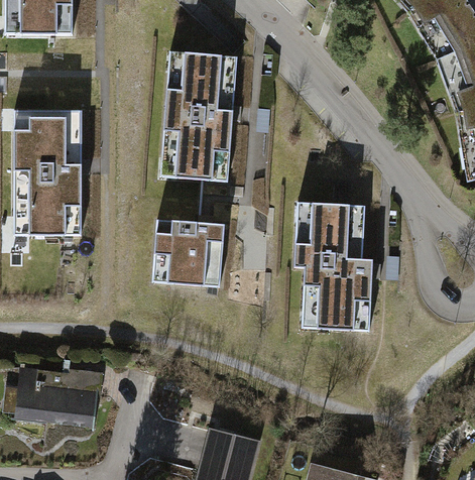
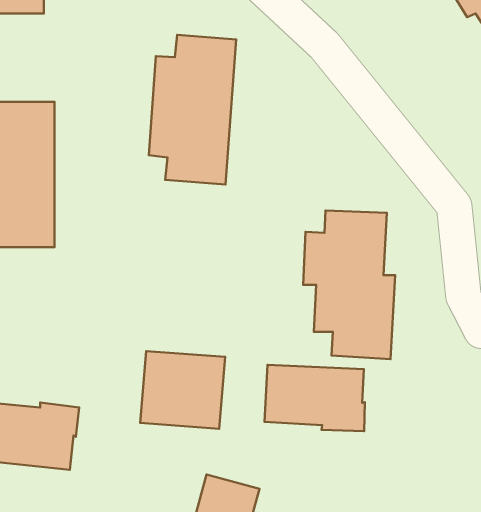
building: [151,220,224,286] -> [140,351,225,429]
building: none -> [265,365,365,431]

